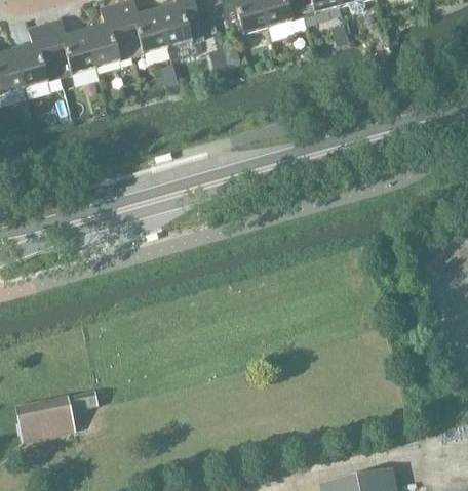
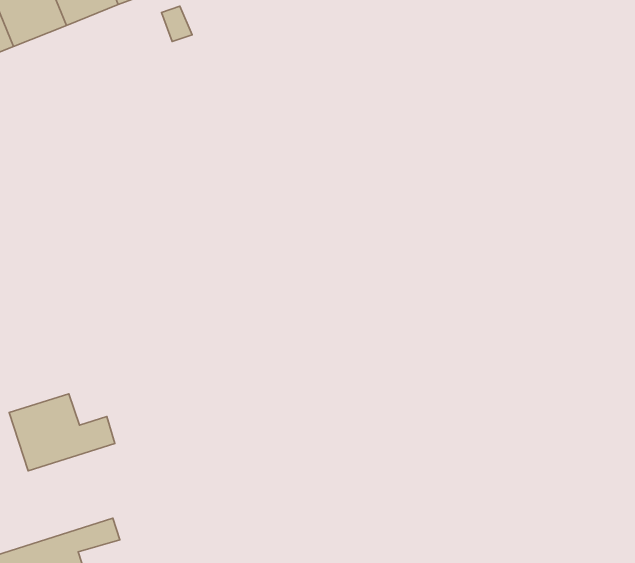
building: none -> [9,394,115,471]

